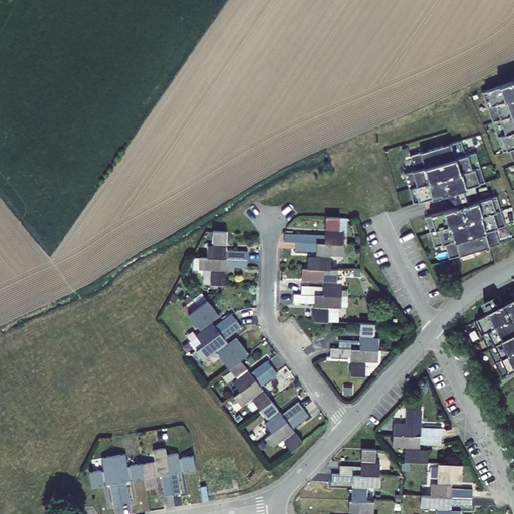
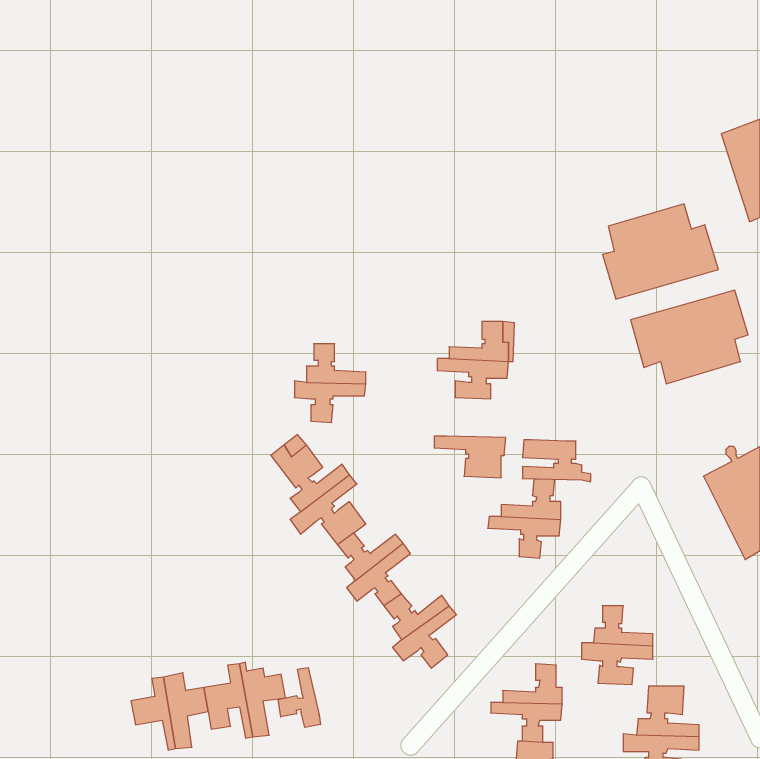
building: [301,269,347,297] -> [522,440,591,481]
building: none -> [278,668,321,727]

